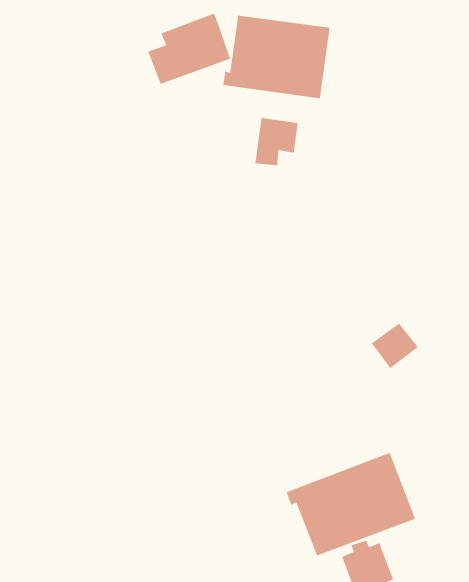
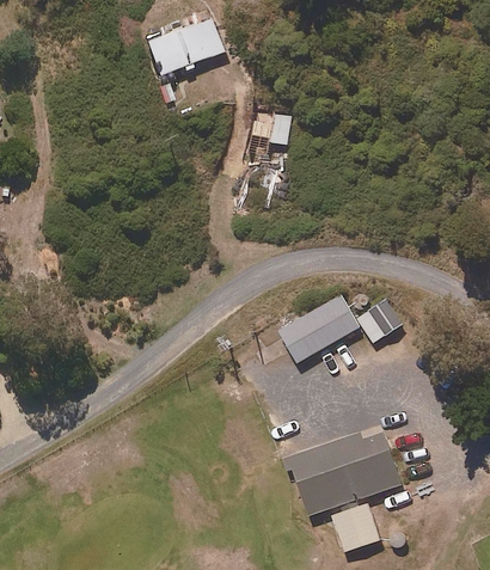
building: [223,15,331,99] -> none
building: none -> [280,294,359,362]

